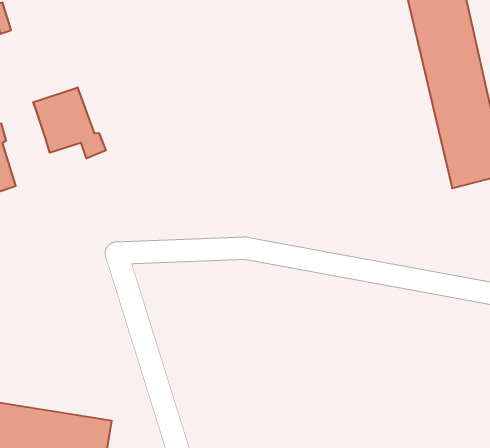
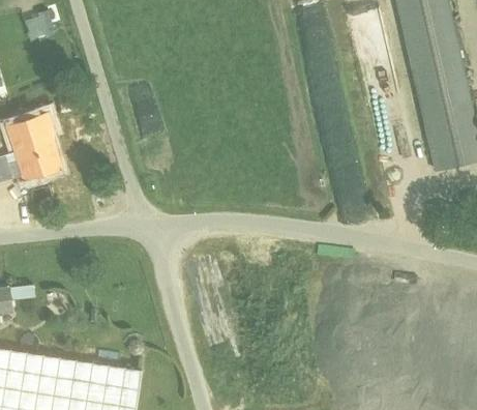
building: [33,87,106,158] -> none

